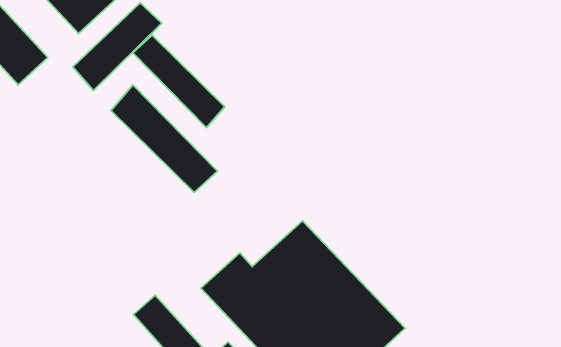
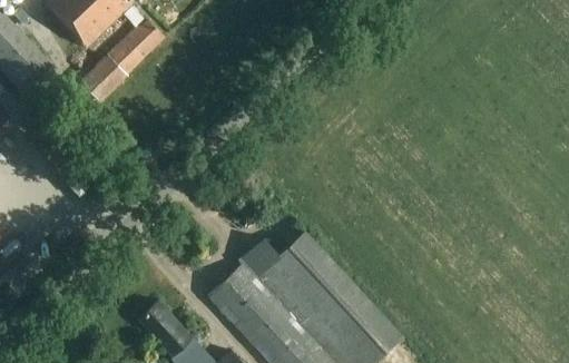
building: [133,35,225,128] -> none
building: [111,85,218,192] -> none

